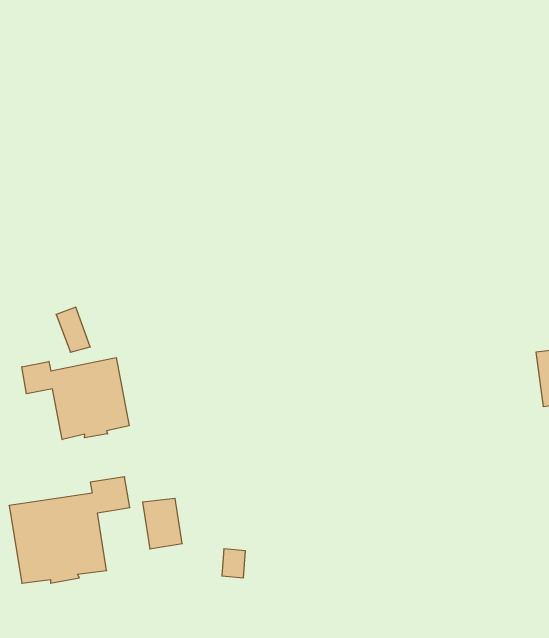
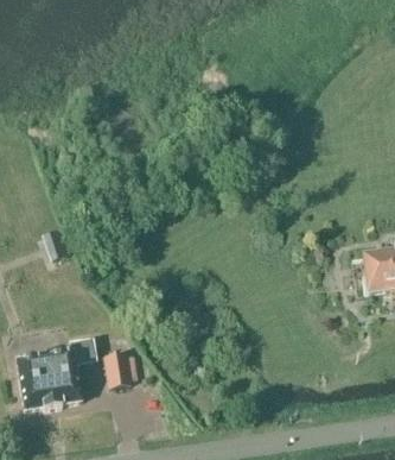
building: [22,358,129,440] -> none

